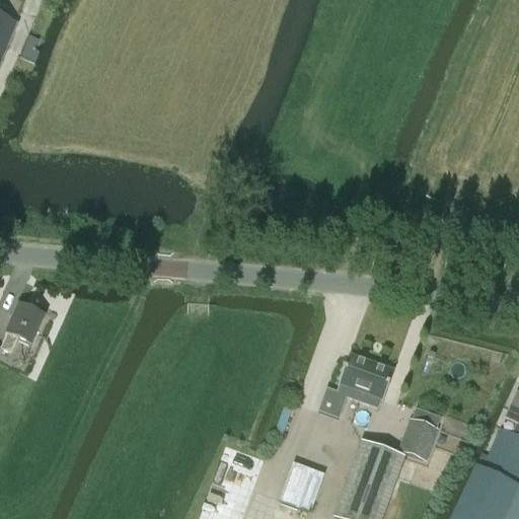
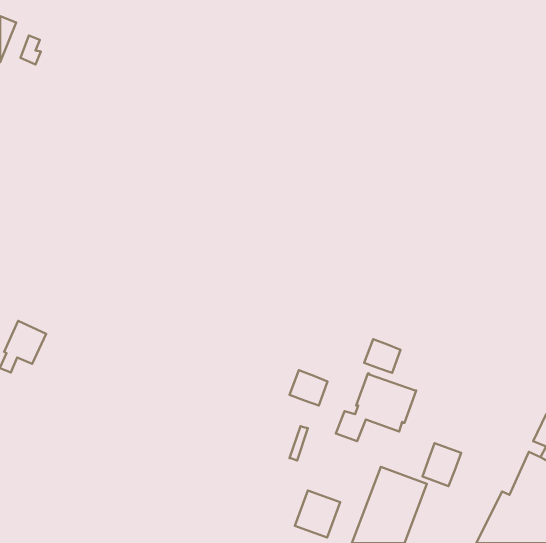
building: none -> [364,339,401,373]
building: none -> [289,370,328,405]

